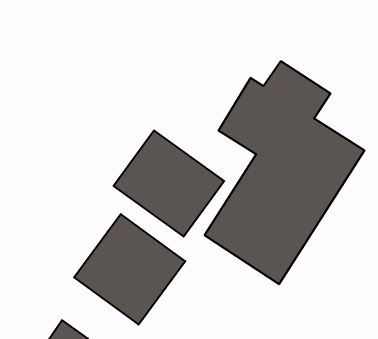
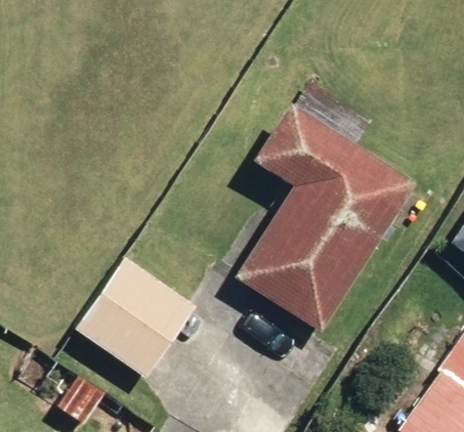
building: [114,130,224,237] -> none

